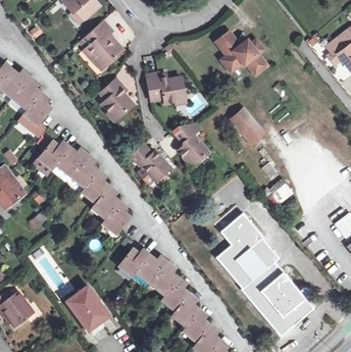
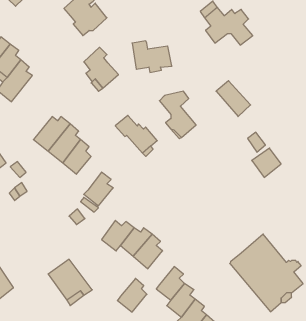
building: [33,140,70,175] -> none
building: [91,186,118,218] -> none
building: [218,213,280,288] -> none
building: [160,278,189,310] -> [117,278,147,312]

